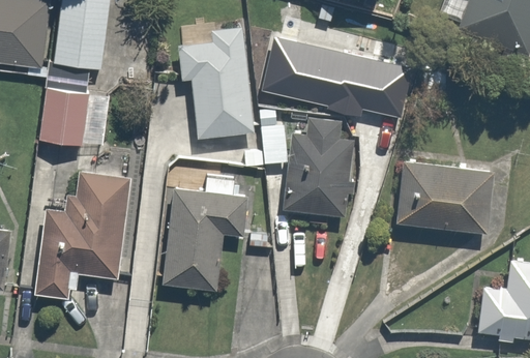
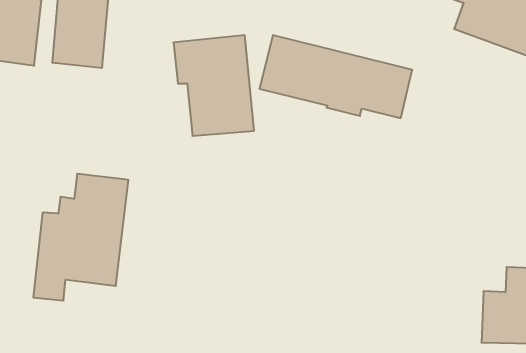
building: [38,90,92,146] -> none
building: [281,119,353,218] -> none
building: [396,160,494,233] -> none
building: [159,177,252,296] -> none

